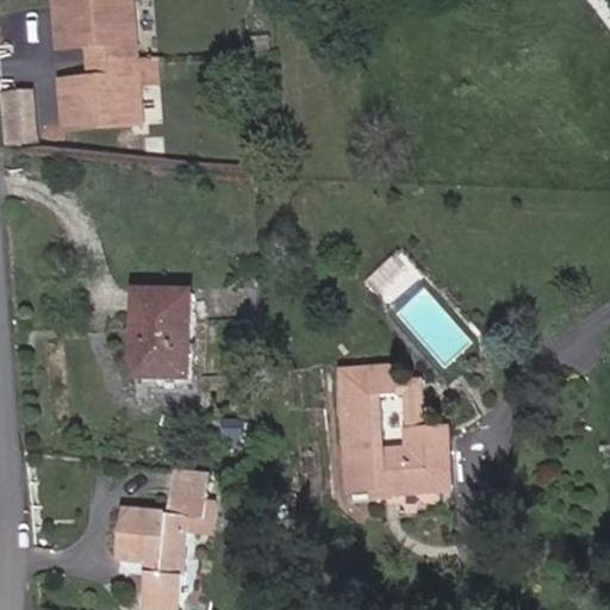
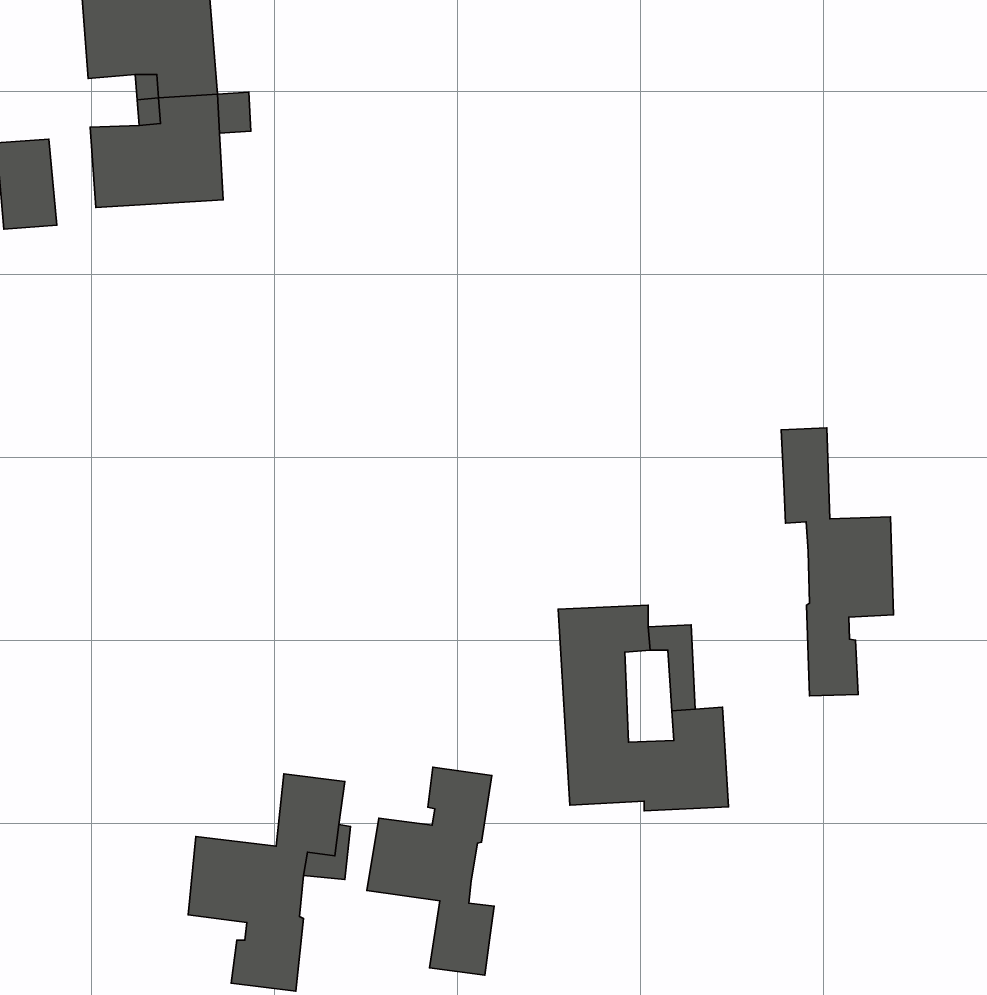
building: none -> [781,428,893,696]
building: [129,290,189,379] -> none
building: none -> [367,767,494,975]

